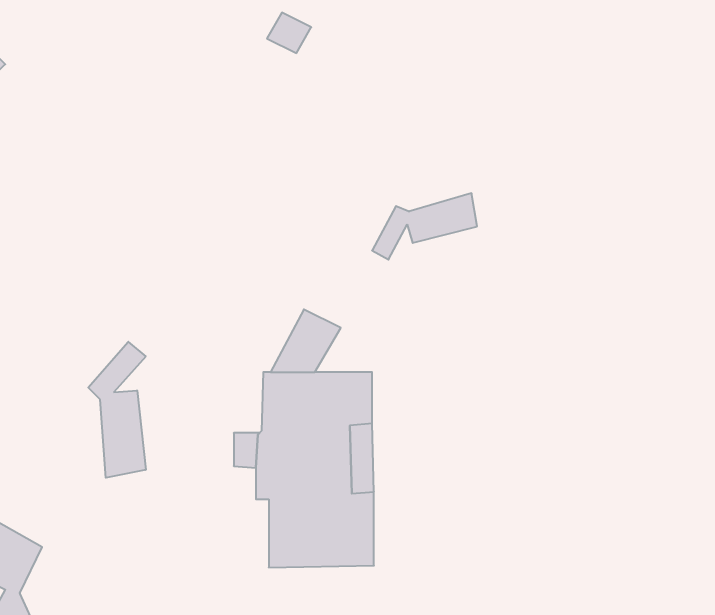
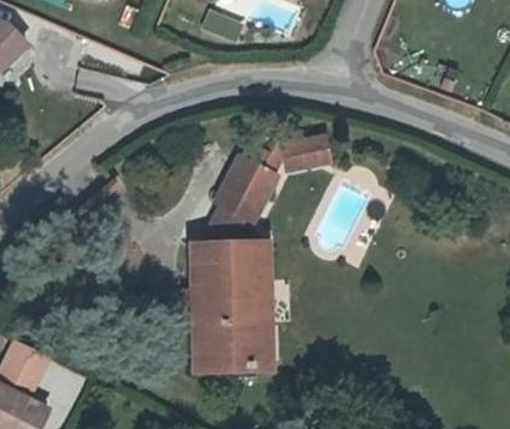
building: none -> [220,155,277,214]
building: [88,342,146,478] -> none

